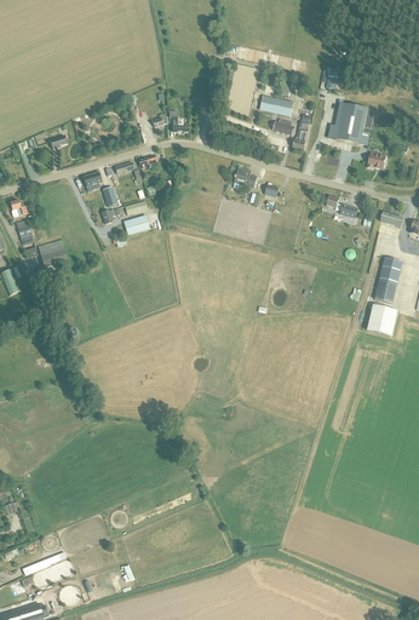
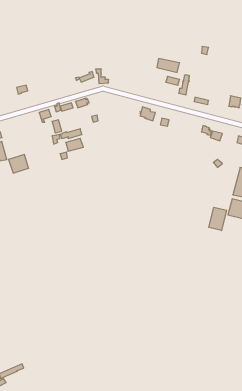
building: [335,102,368,144] -> none
building: none -> [209,207,227,231]

